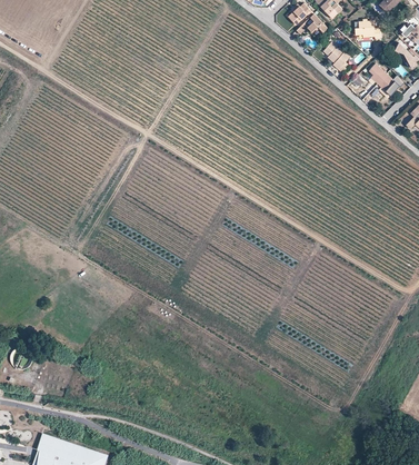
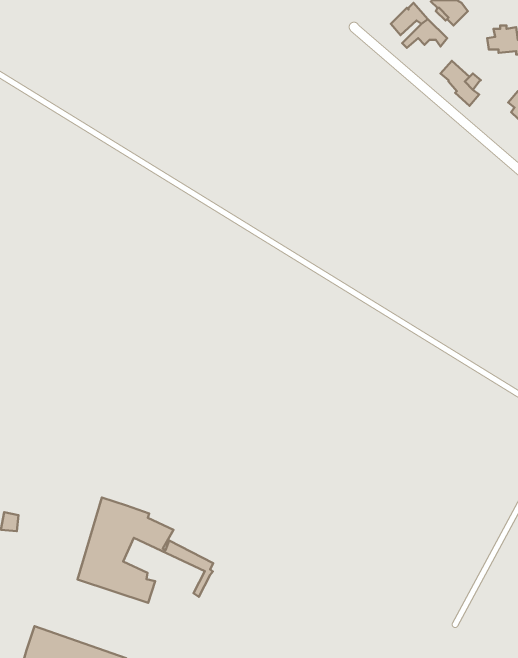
building: none -> [77,497,213,603]

